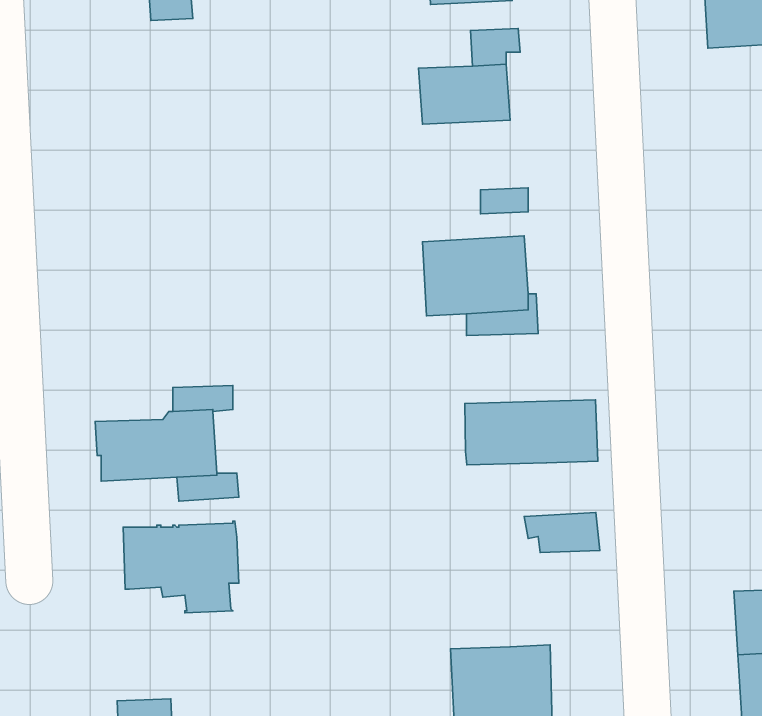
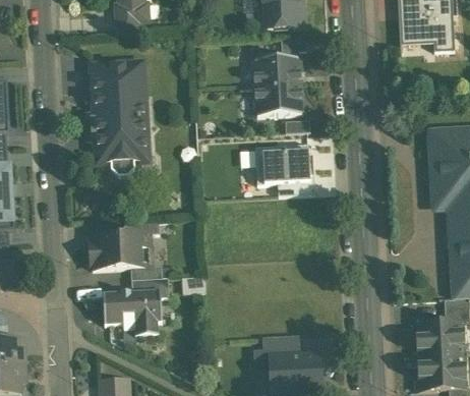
building: none -> [92,60,148,174]
building: none -> [255,83,301,114]
building: [465,400,598,465] -> none
building: none -> [131,276,169,296]
building: [524,513,600,552] -> [261,333,300,353]

